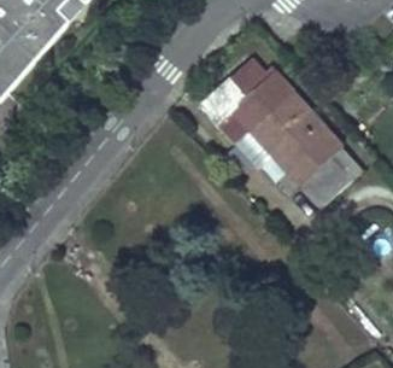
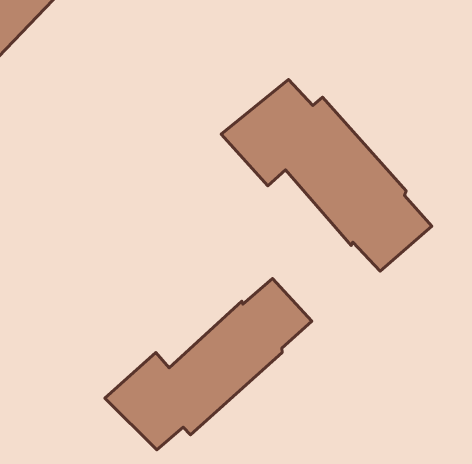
building: none -> [105,279,312,450]

